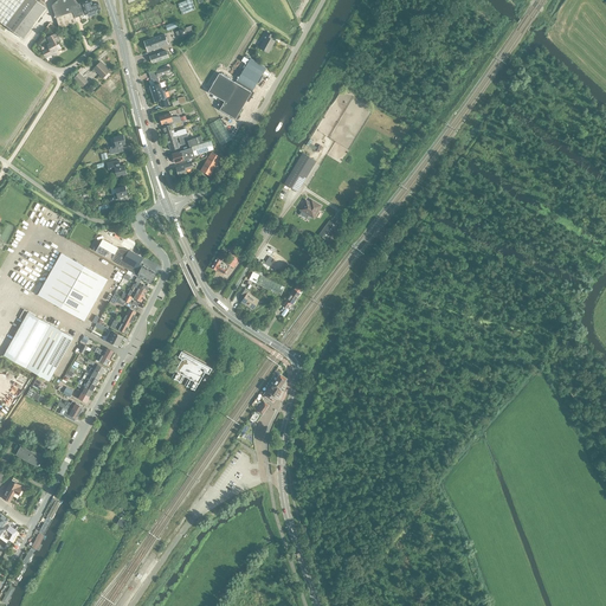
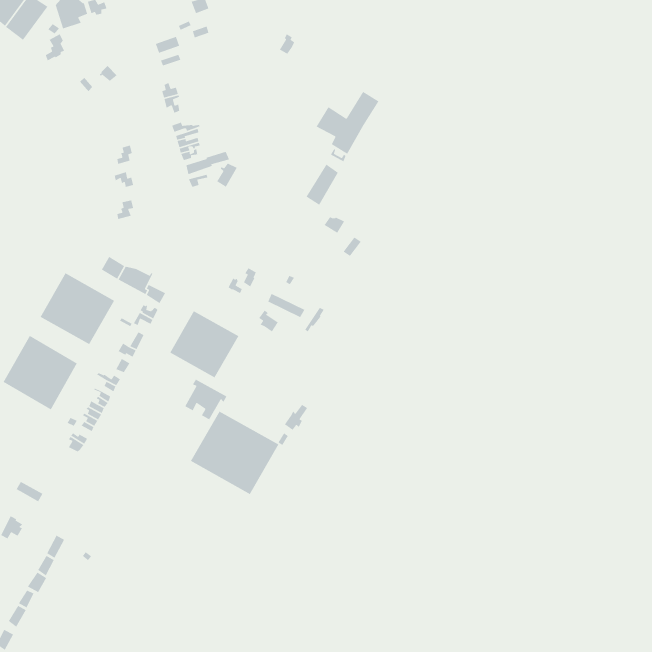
building: [206,57,265,116] -> [315,91,379,155]
building: none -> [169,310,239,379]
building: none -> [190,410,279,495]

